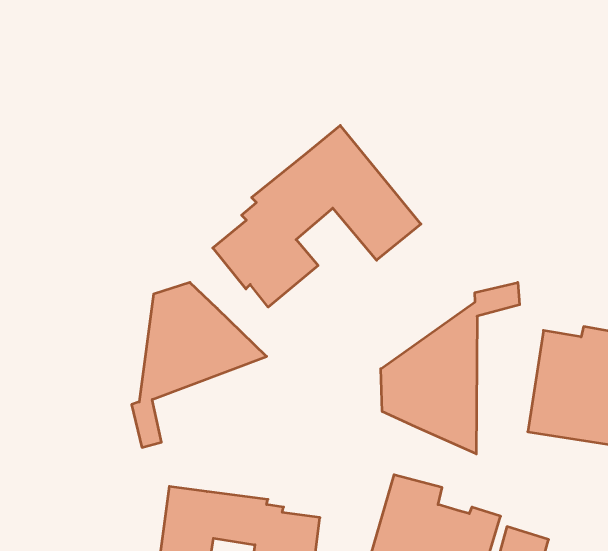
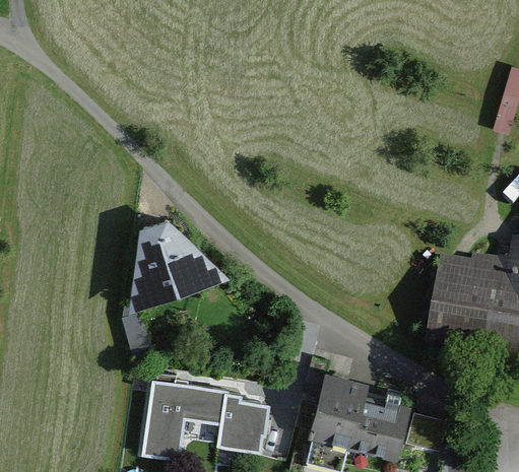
building: [213,125,421,307] -> none
building: [381,282,520,454] -> none

